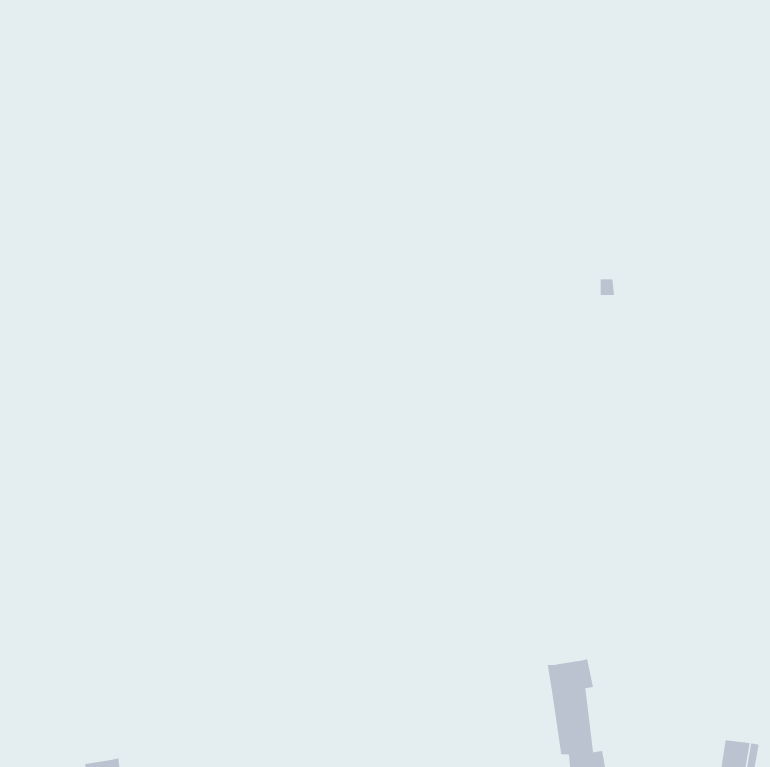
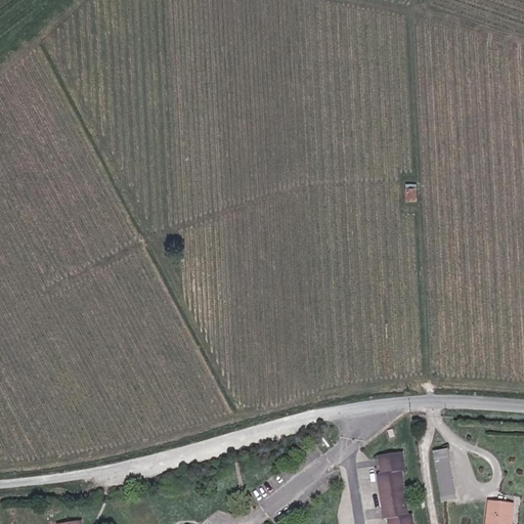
building: none -> [436,453,458,507]

